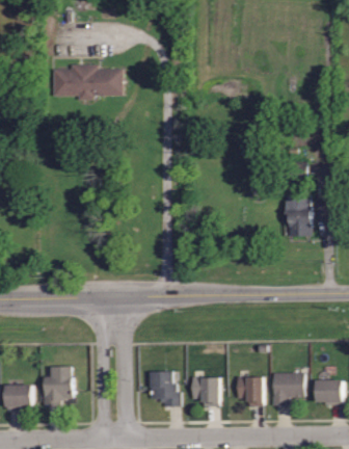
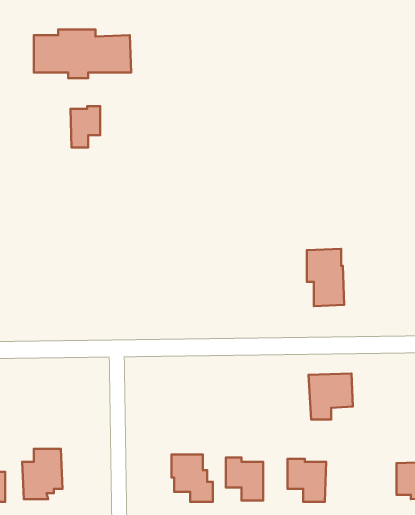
building: none -> [70,106,100,147]
building: [285,193,312,235] -> [307,249,344,306]
building: [271,372,303,405] -> [308,373,353,419]

